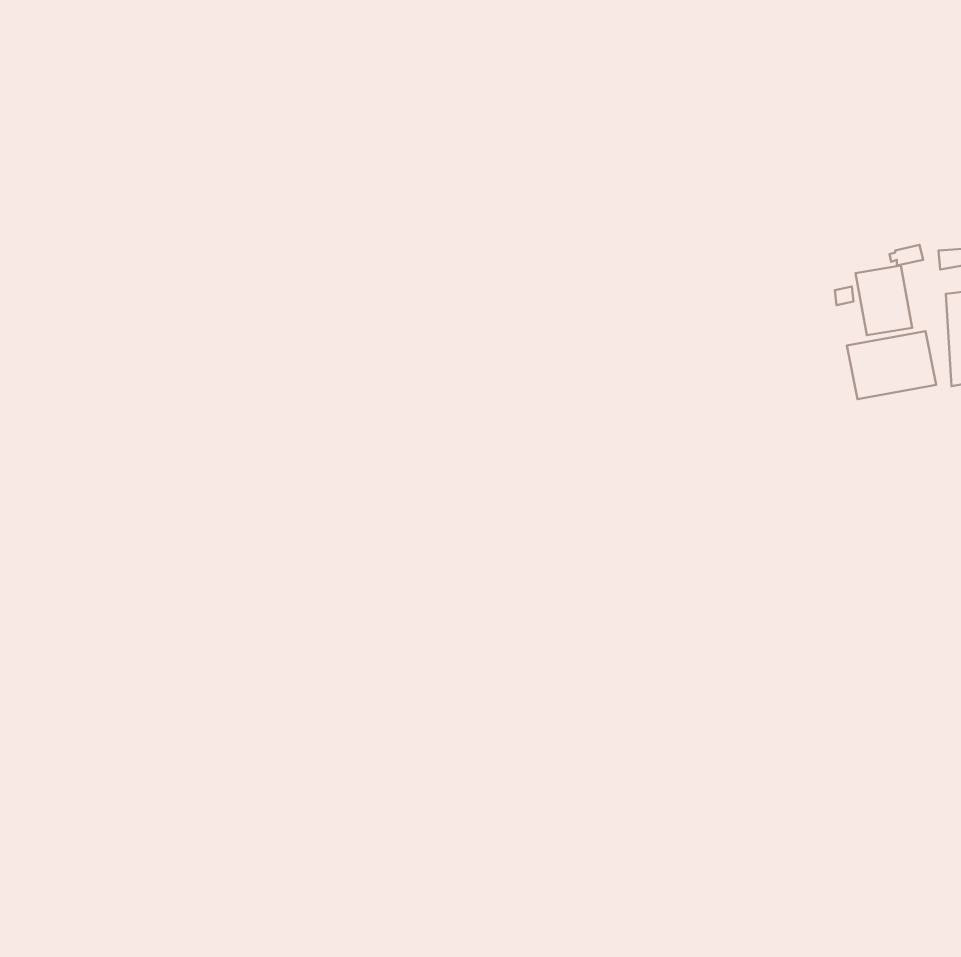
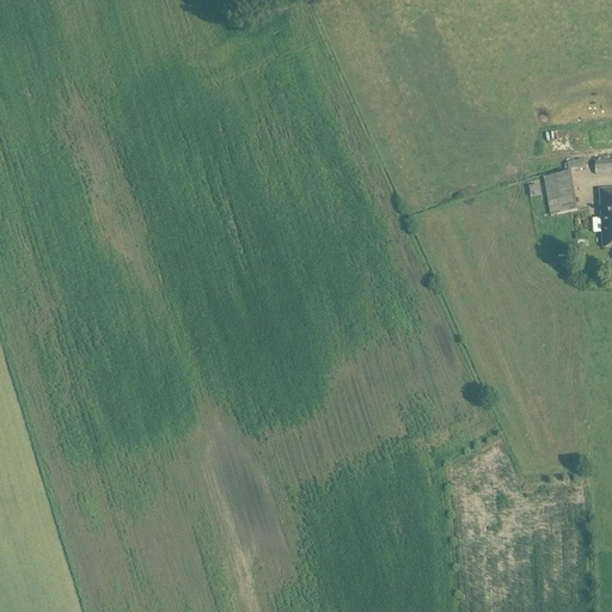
building: [847,331,936,399] -> none

